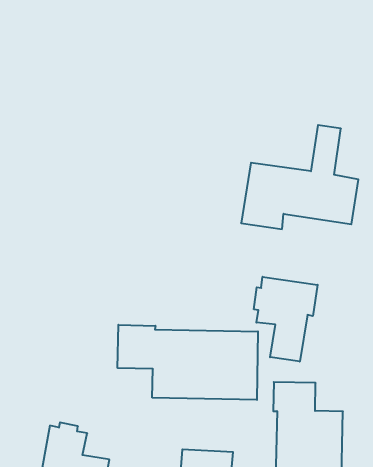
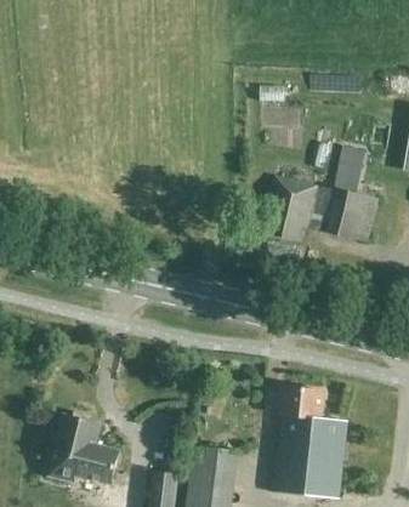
building: [254,277,318,362] -> none
building: [118,325,258,400] -> none

